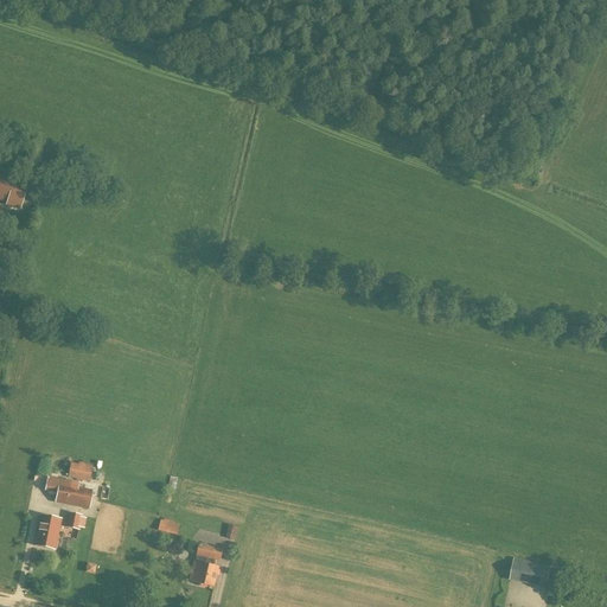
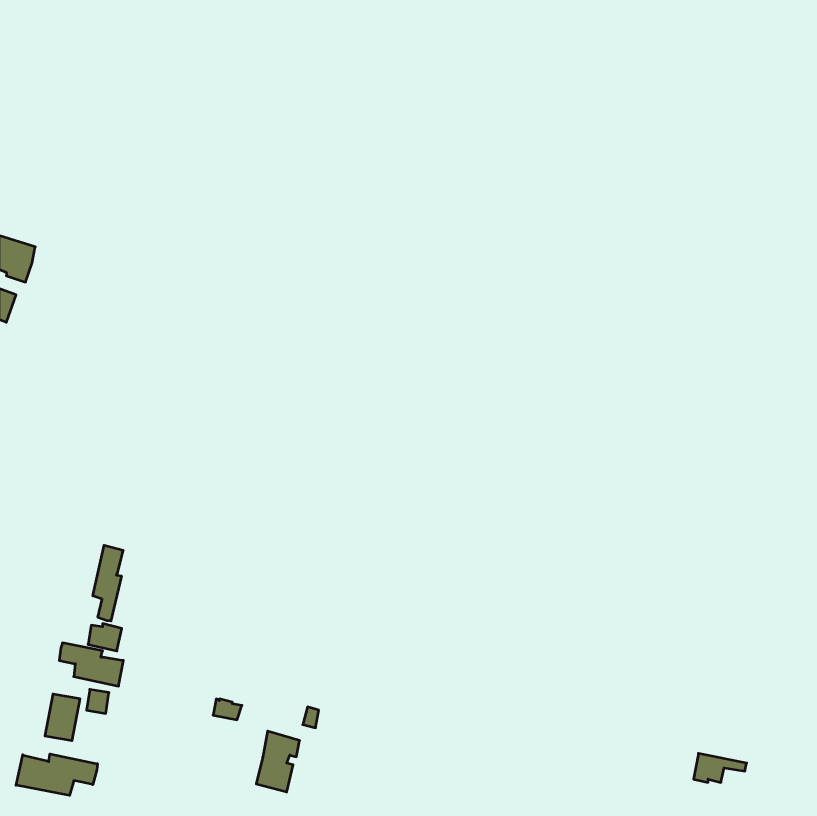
building: none -> [93,545,123,621]
building: none -> [16,754,97,795]

